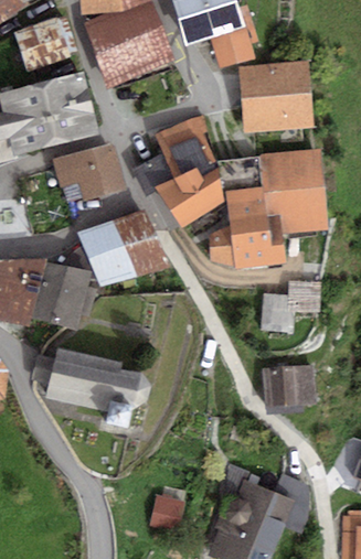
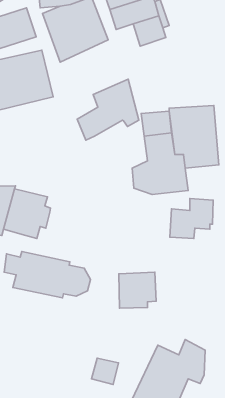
building: [237,60,312,130] -> none
building: [50,142,126,203] -> none
building: [156,168,223,228] -> none
building: [76,209,168,286] -> none
building: [263,364,315,413] -> [119,272,156,308]

